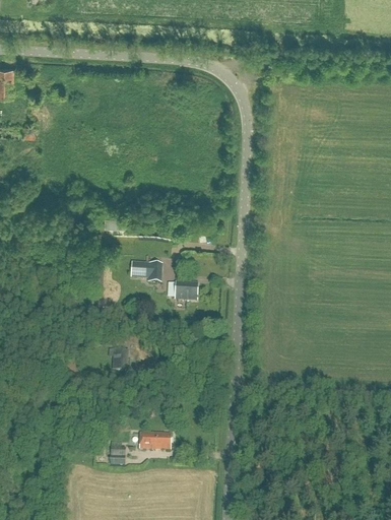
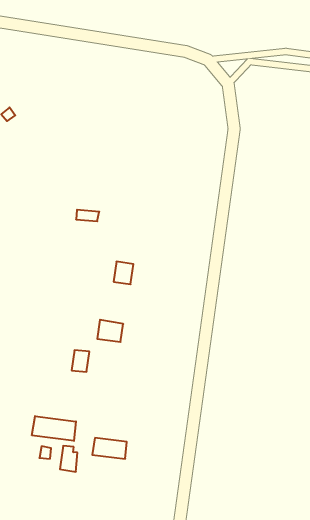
building: [175,281,198,301] -> [97,320,123,342]
building: none -> [32,416,76,441]

